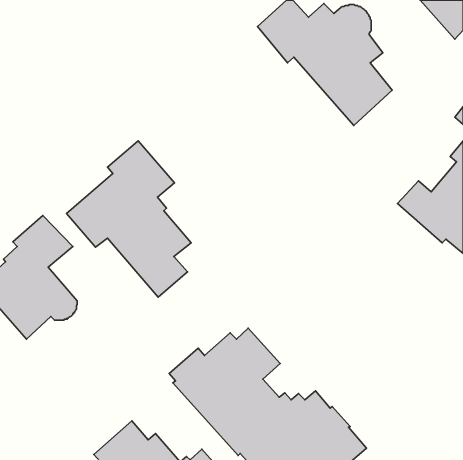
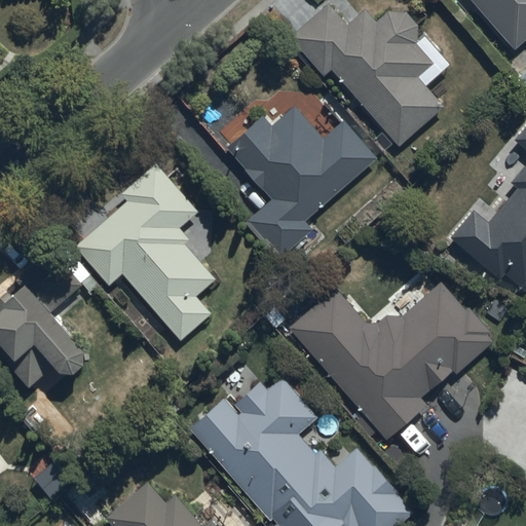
building: none -> [227,105,377,260]
building: none -> [289,281,494,439]

